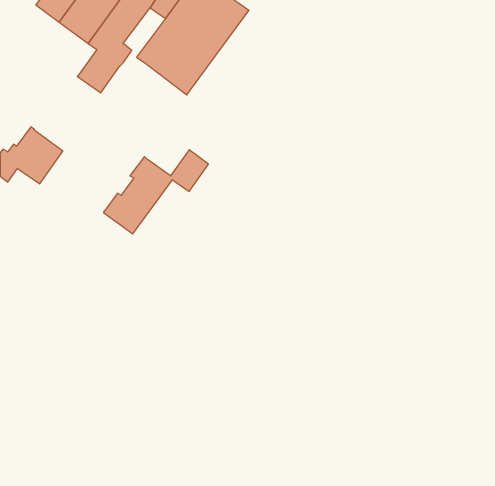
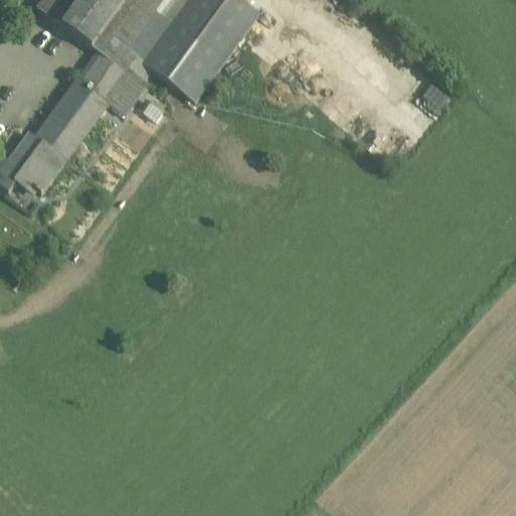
building: none -> [128,8,172,78]
building: [104,150,208,234] -> [35,70,144,157]

